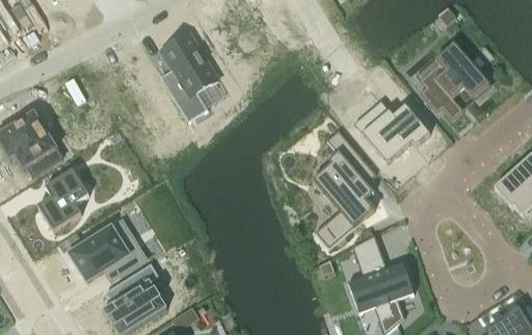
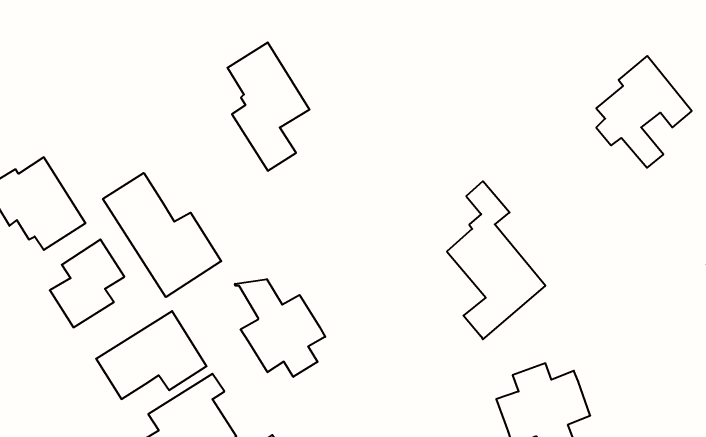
building: [355,100,430,161] -> none
building: none -> [103,173,221,297]
building: none -> [235,279,325,377]

